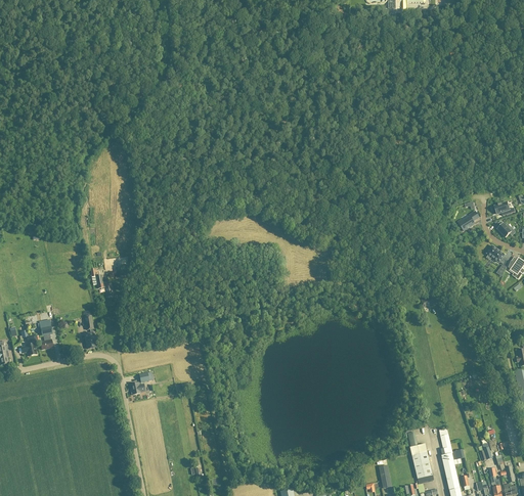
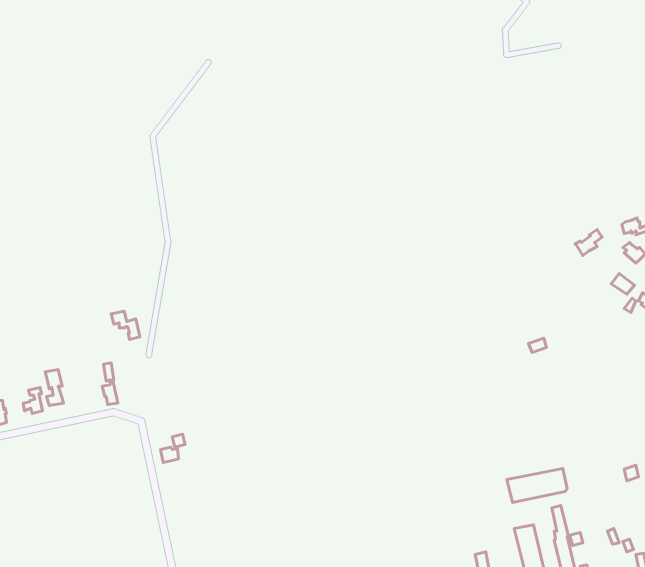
building: none -> [507,468,567,503]

